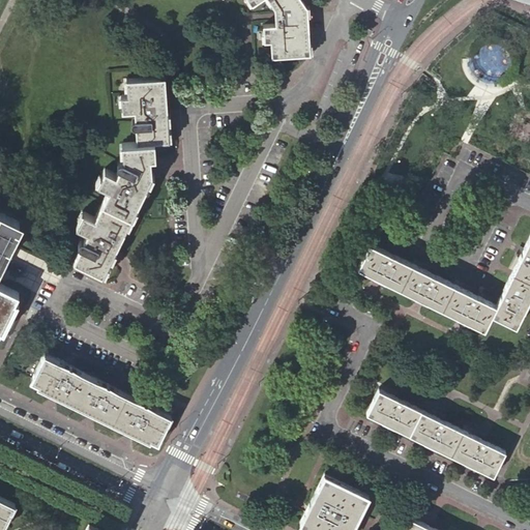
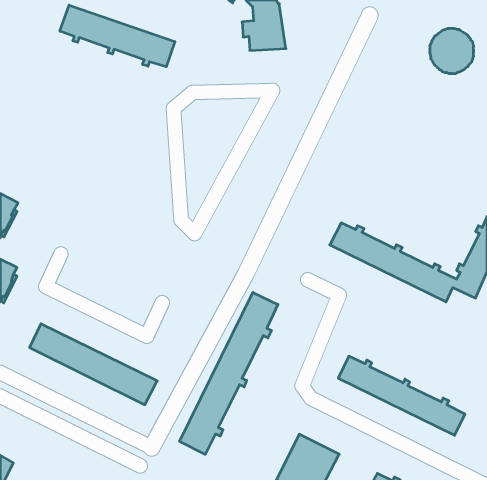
building: none -> [60,5,175,67]
building: [73,82,170,282] -> none
building: none -> [180,292,278,454]

